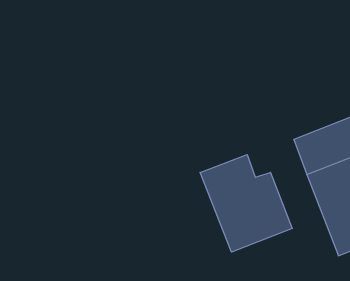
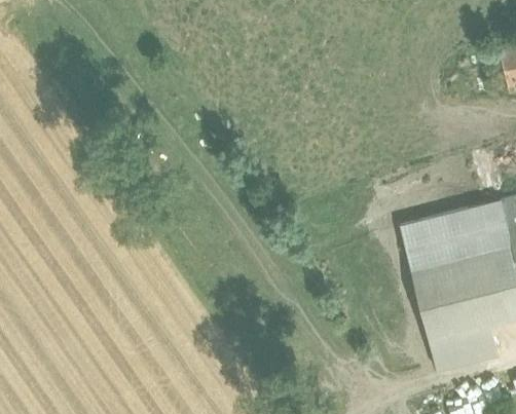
building: [200,155,292,252] -> none

